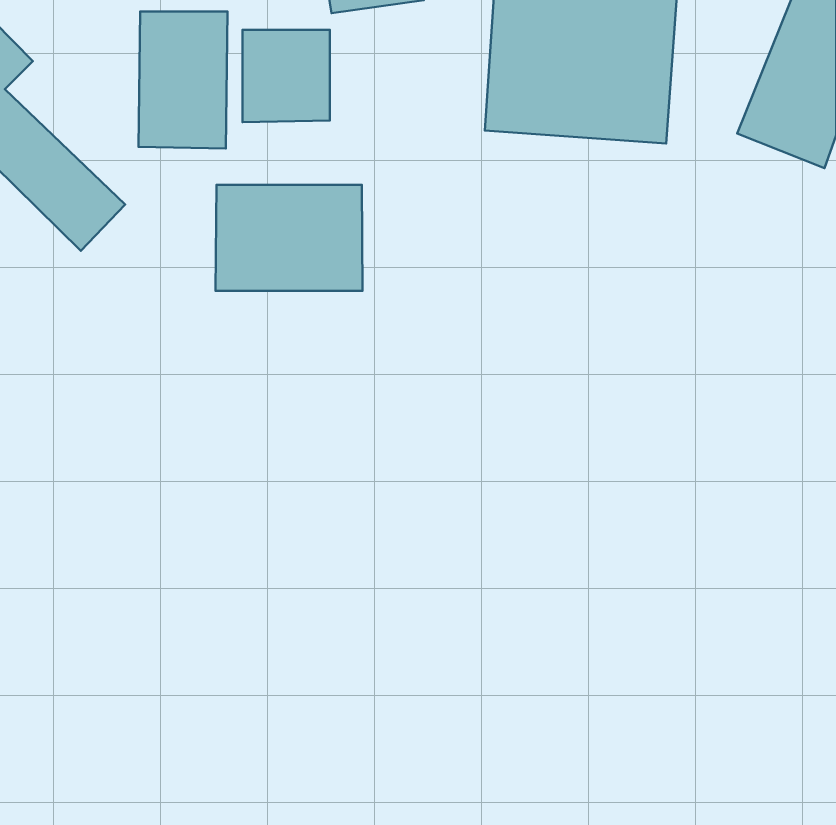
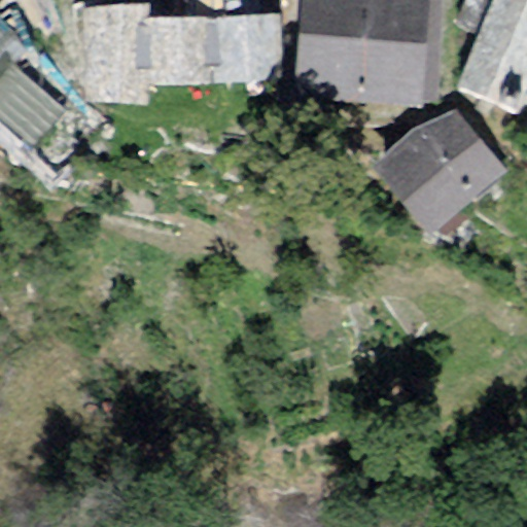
building: none -> [211,11,280,75]
building: [216,185,362,291] -> none
building: none -> [389,122,504,235]

